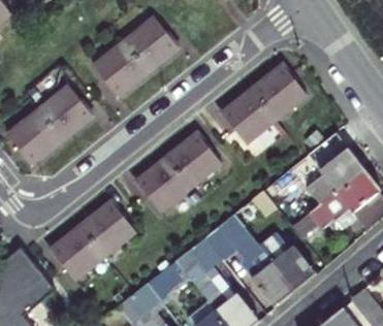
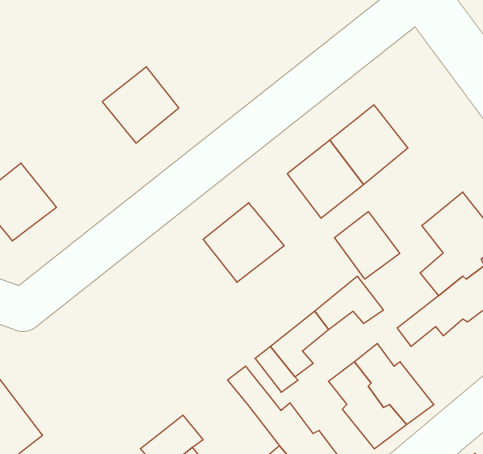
building: [122,22,174,74] -> none
building: [37,88,92,141] -> none
building: none -> [334,212,400,279]
building: [130,163,183,216] -> none
building: [44,204,129,283] -> none
building: [147,258,190,298] -> none

